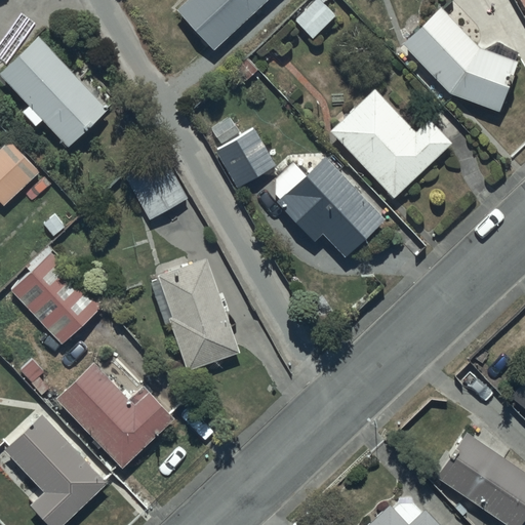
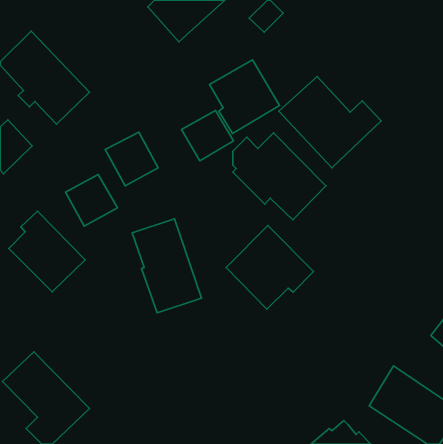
building: [404,7,519,111] -> none
building: none -> [210,60,280,133]
building: none -> [66,175,117,226]
building: none -> [226,226,314,309]
building: [56,363,175,469] -> none

